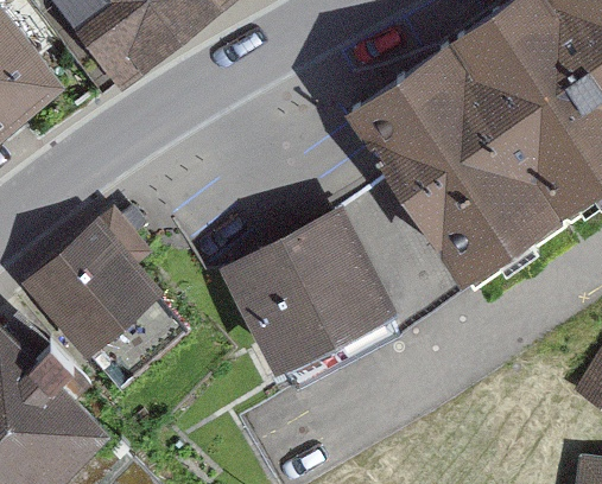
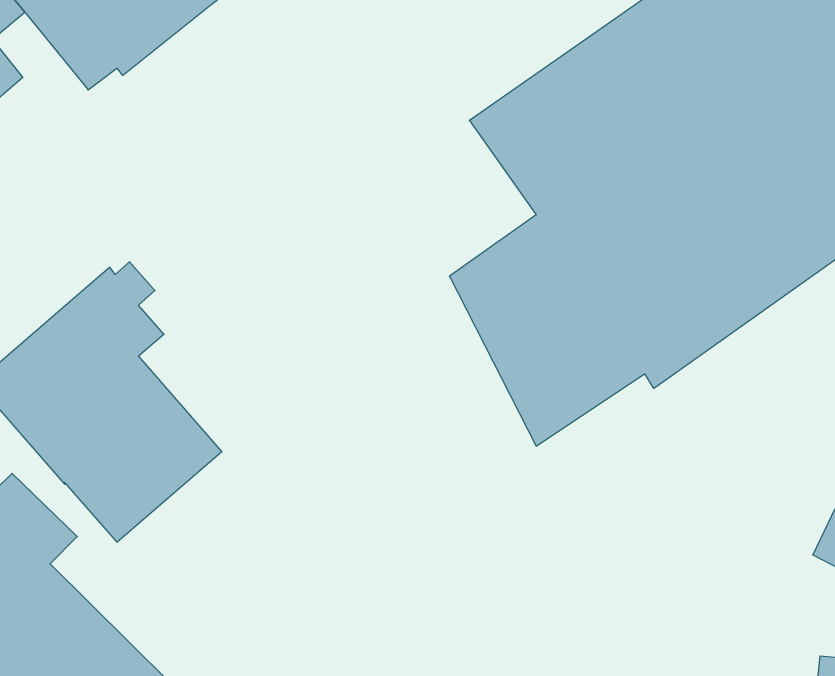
building: [232,212,400,387] -> none

